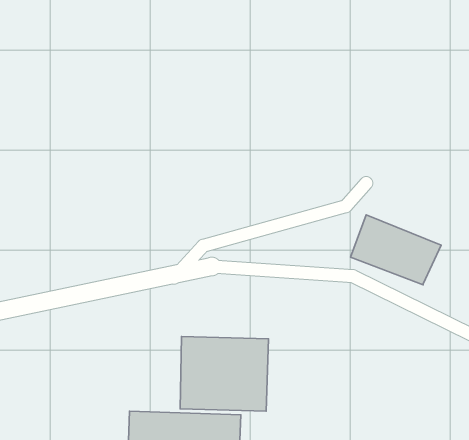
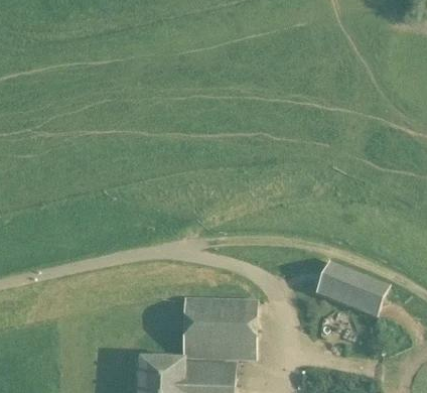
building: [351,215,441,285] -> [314,259,390,317]

